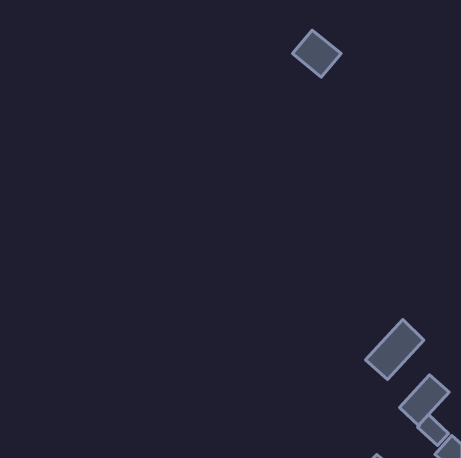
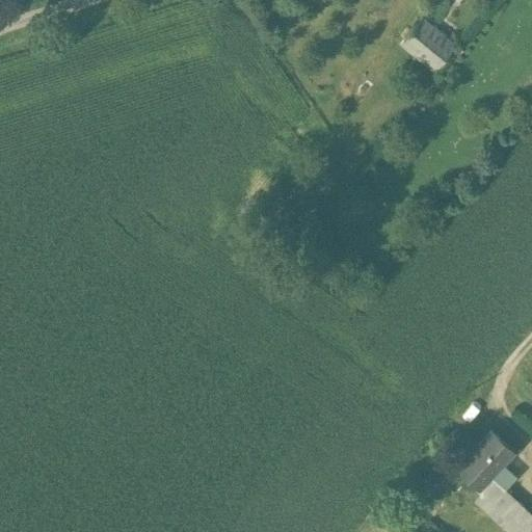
building: [292,30,341,77] -> [401,20,457,74]
building: [366,319,424,379] -> none

